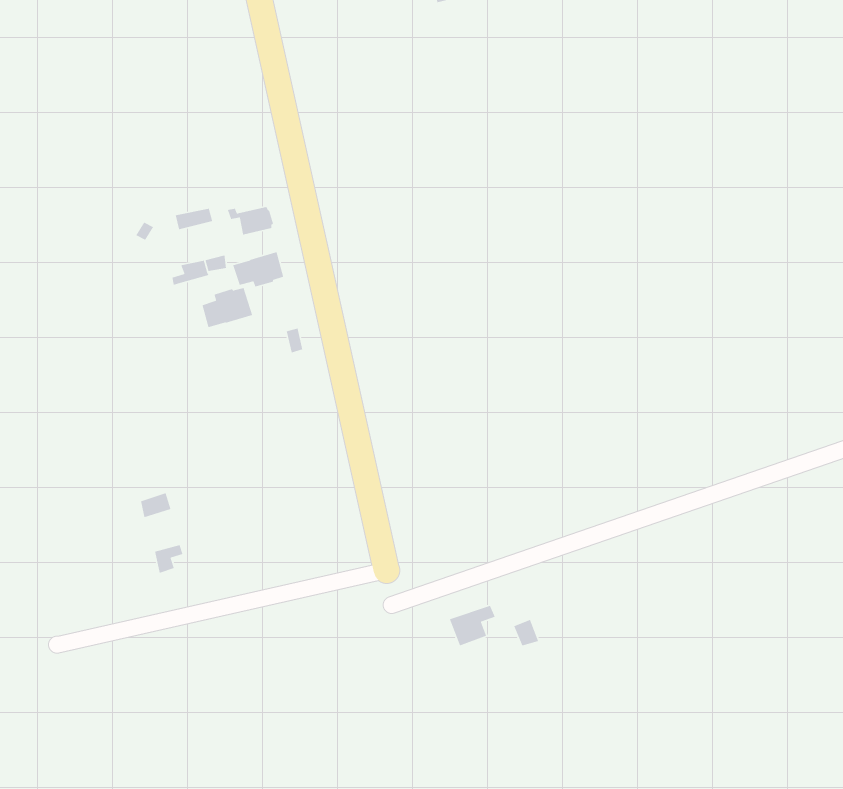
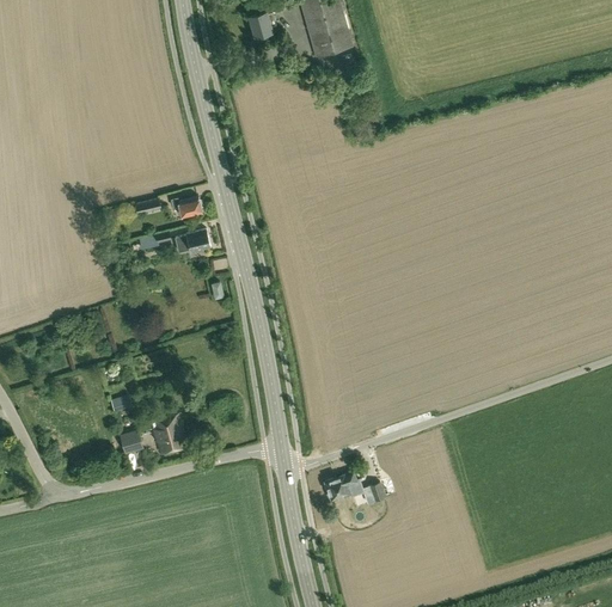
building: [202,287,253,328] -> none
building: none -> [153,416,188,454]

